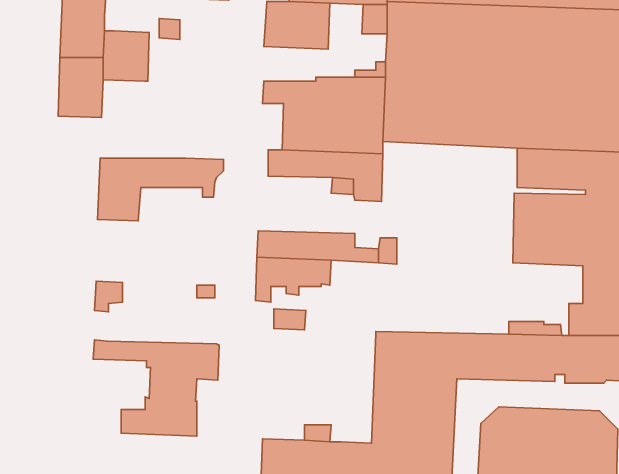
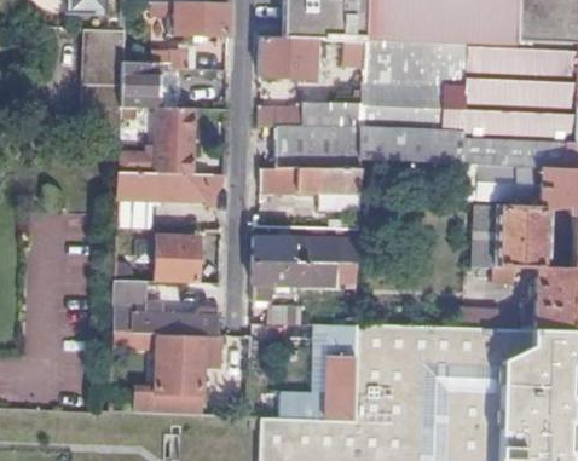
building: none -> [156,106,195,173]
building: none -> [155,235,198,282]
building: none -> [125,305,219,334]
building: none -> [326,324,357,420]

